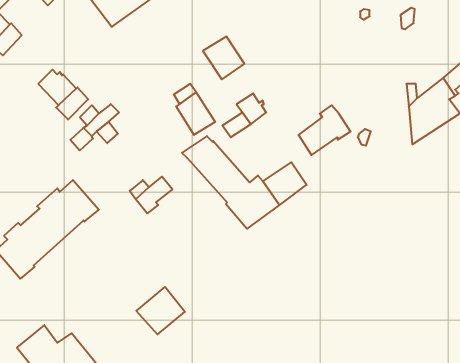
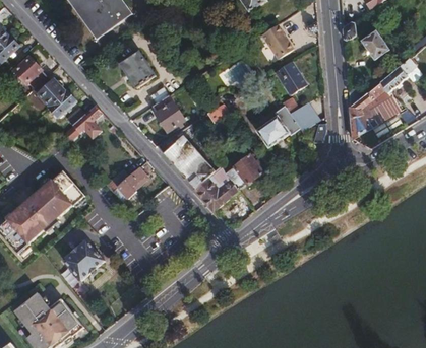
building: none -> [261,24,293,59]
building: none -> [362,31,389,60]
building: [203,37,244,79] -> [119,52,155,88]
building: none -> [14,55,46,87]
building: none -> [271,62,303,96]
building: none -> [291,92,324,131]
building: [136,287,185,334] -> [63,240,105,281]

